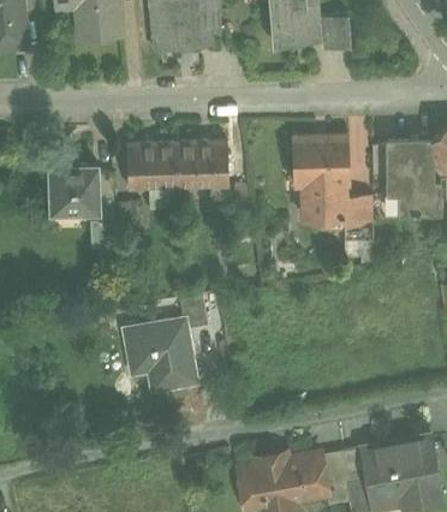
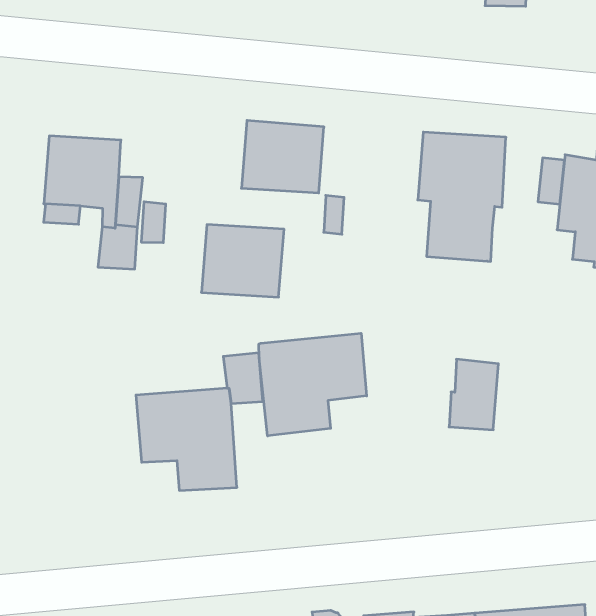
building: [126,142,178,189] -> [201,225,284,297]
building: [342,195,372,239] -> [449,359,498,430]
building: none -> [259,333,367,436]

